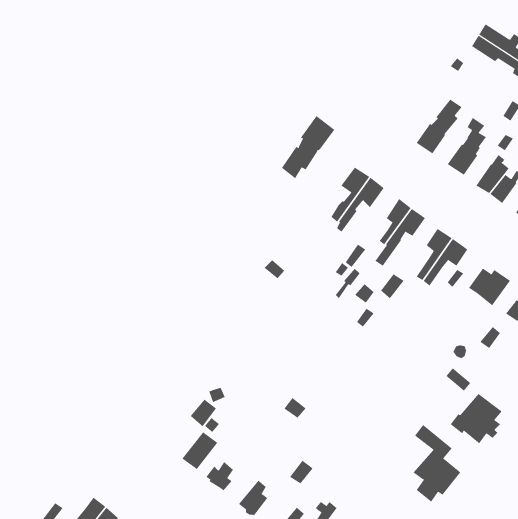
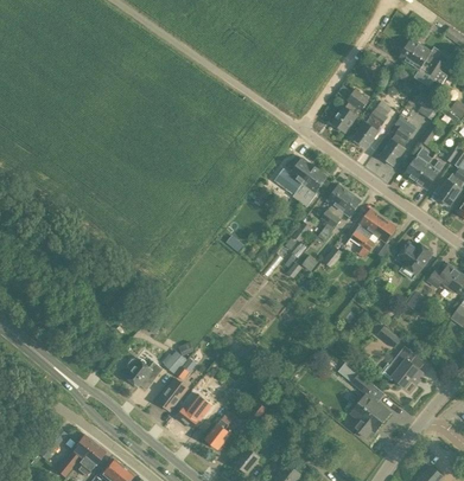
building: none -> [330,88,369,132]
building: [281,115,335,179] -> none
building: none -> [126,359,164,386]

